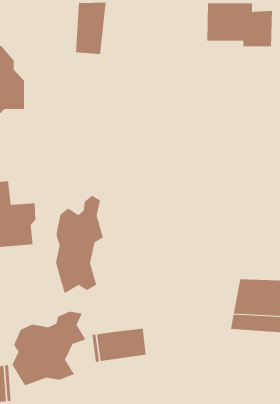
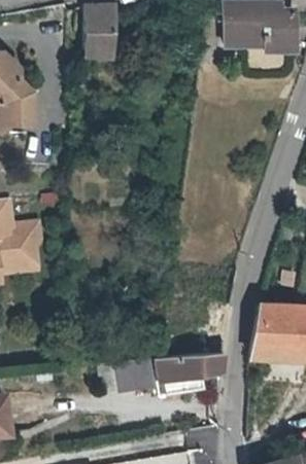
building: [55,195,104,294] -> none
building: [12,311,86,386] -> none
building: none -> [162,350,225,380]

